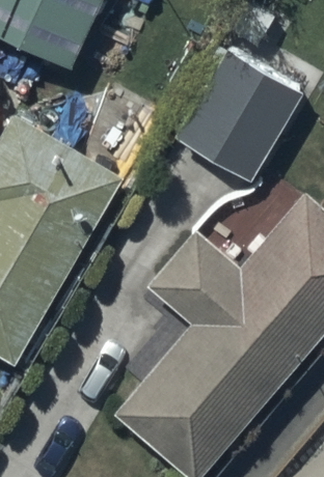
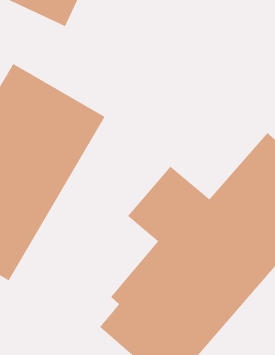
building: [177,52,302,183] -> none

